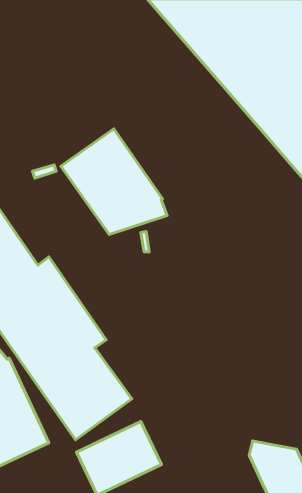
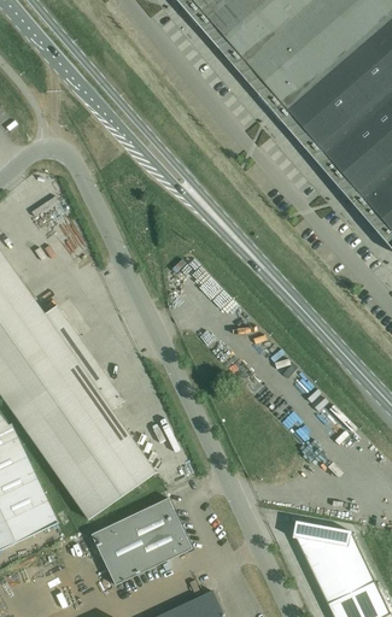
building: [61,129,167,235] -> none

